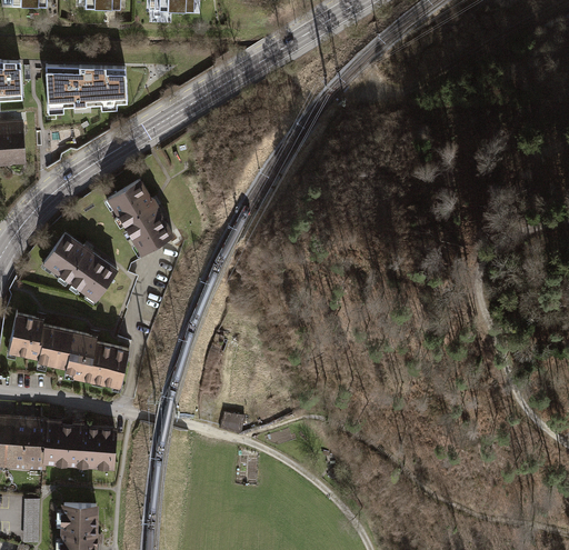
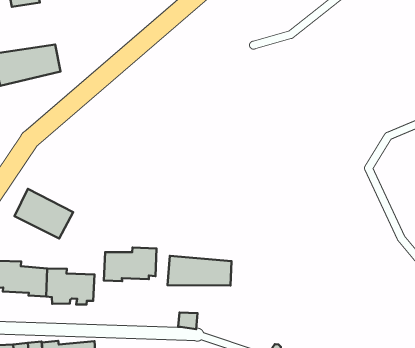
building: [98,171,173,256] -> none
building: none -> [104,247,157,281]
building: none -> [168,256,232,285]

